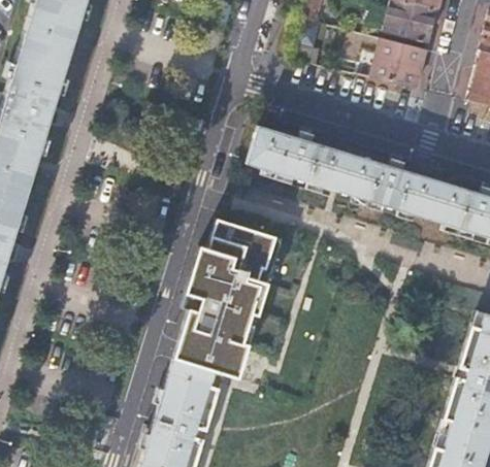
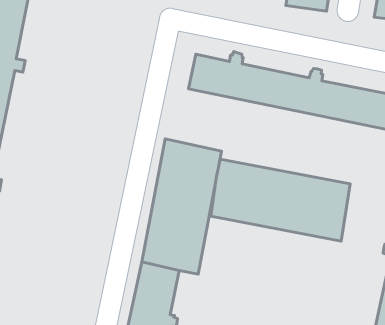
building: none -> [211,159,350,241]

